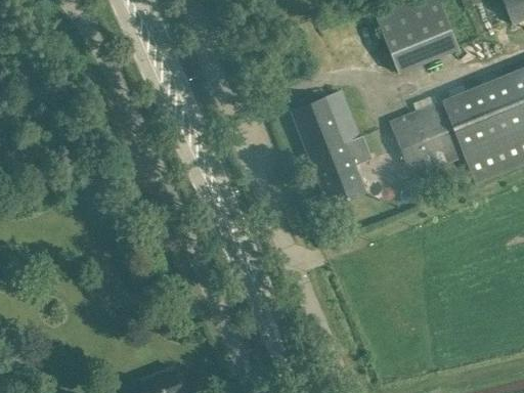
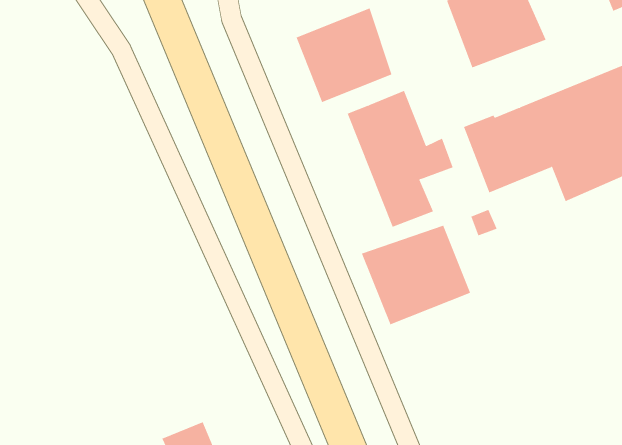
building: none -> [296,8,392,103]
building: none -> [361,225,471,325]

